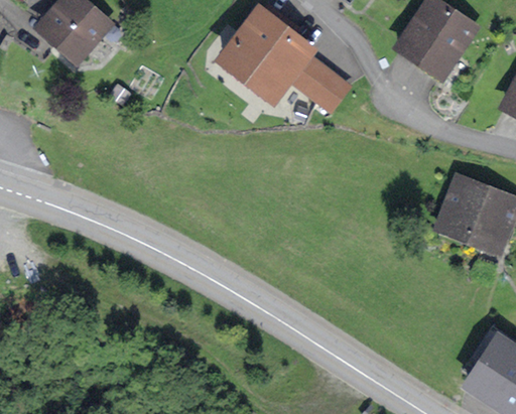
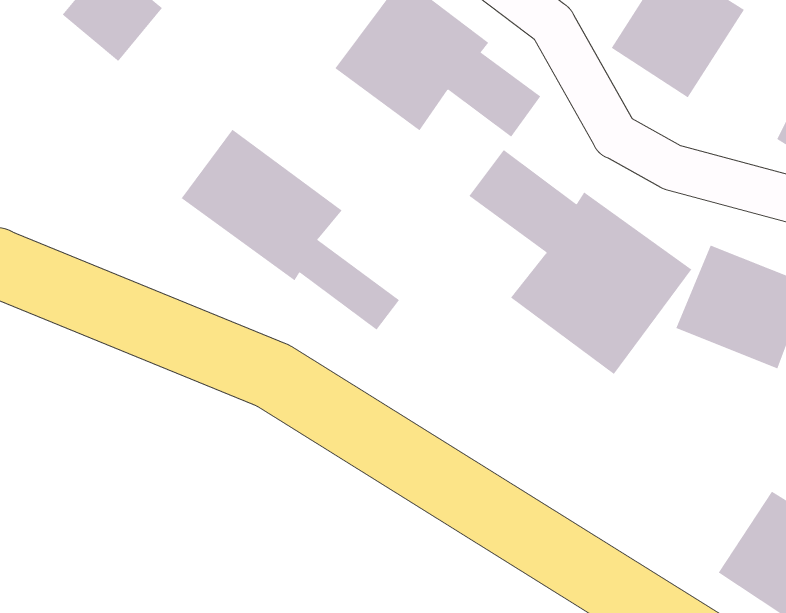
building: none -> [181,129,400,331]
building: none -> [469,149,692,375]

